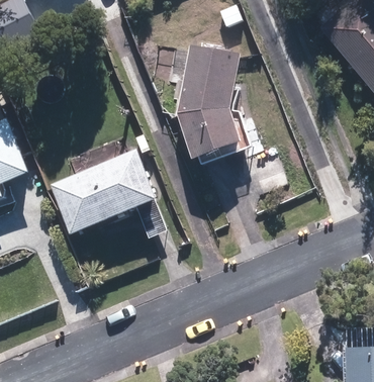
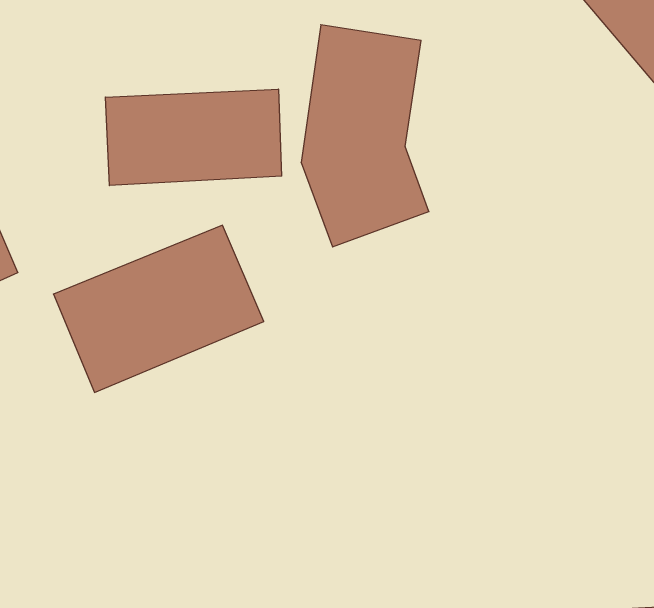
building: none -> [105,89,282,186]

